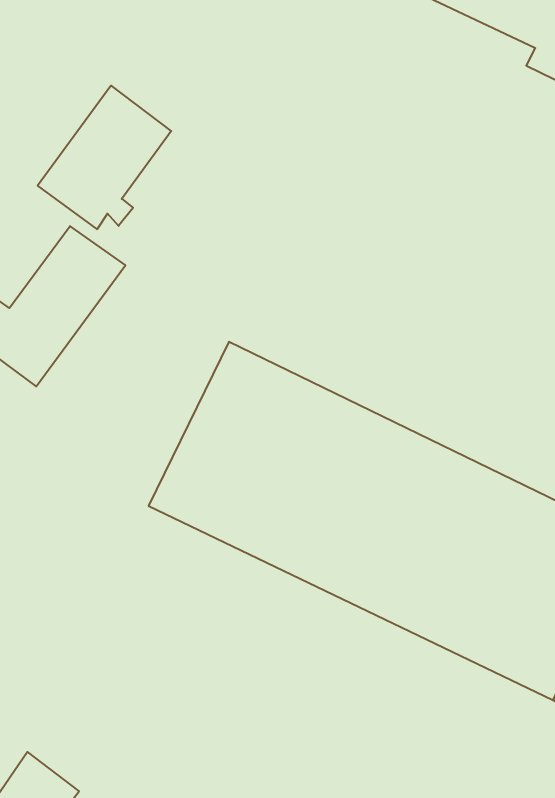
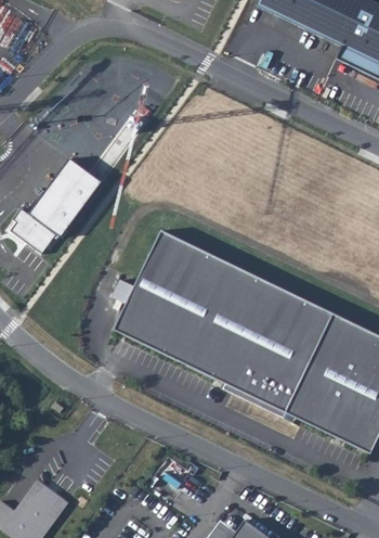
building: [38,86,171,229] -> none

